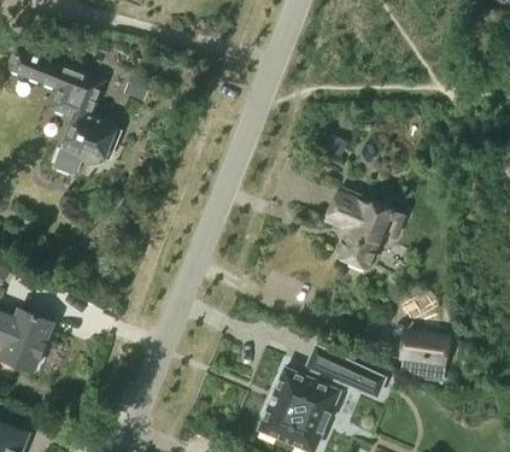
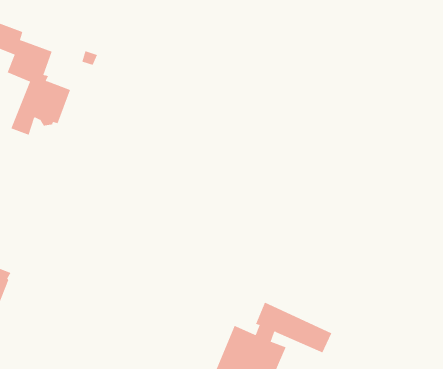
building: [326,192,404,270] -> none
building: [399,329,450,366] -> none

